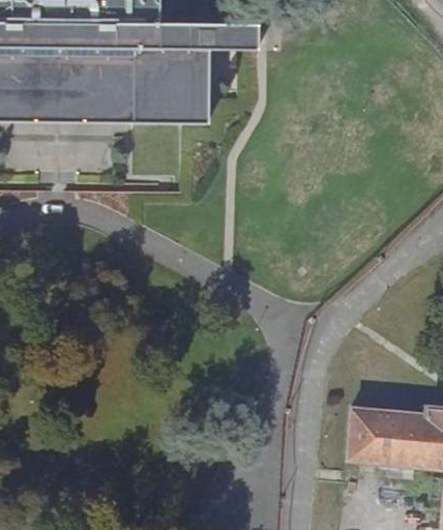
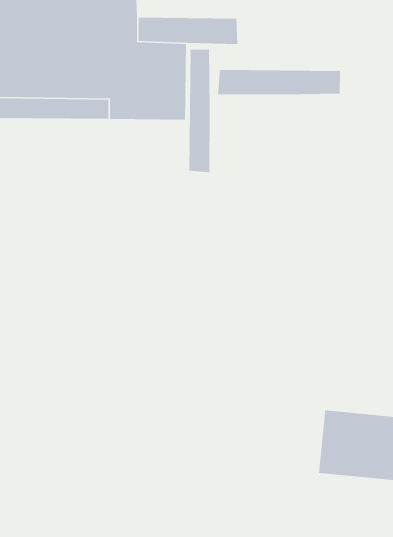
building: none -> [188,49,210,173]
building: none -> [217,69,341,95]

